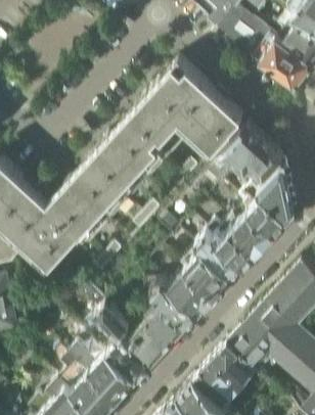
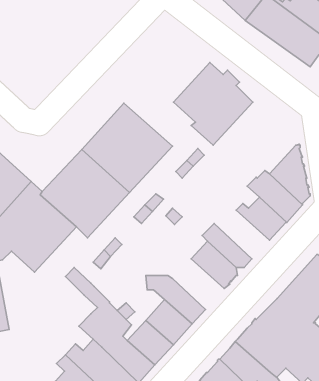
building: [123,59,202,159] -> none
building: [205,124,282,185] -> none
building: [207,219,258,264] -> none
building: [168,264,216,311] -> none

